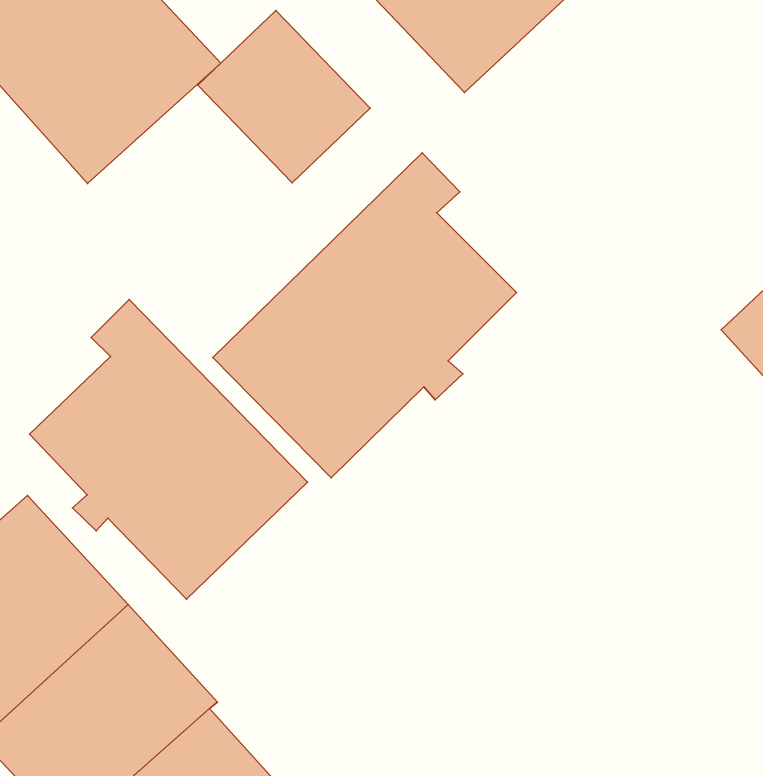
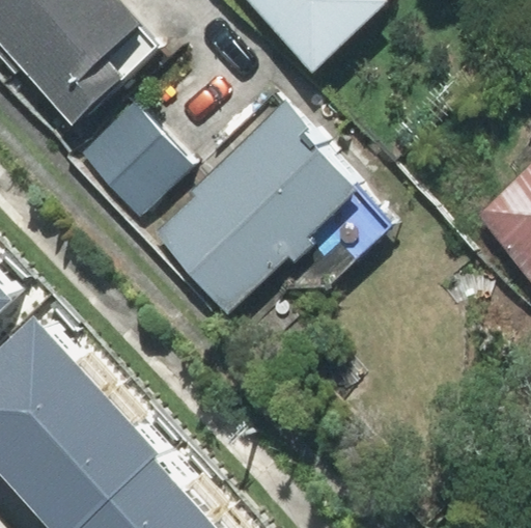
building: [198,10,370,183] -> [82,104,192,214]
building: [29,300,307,599] -> none

